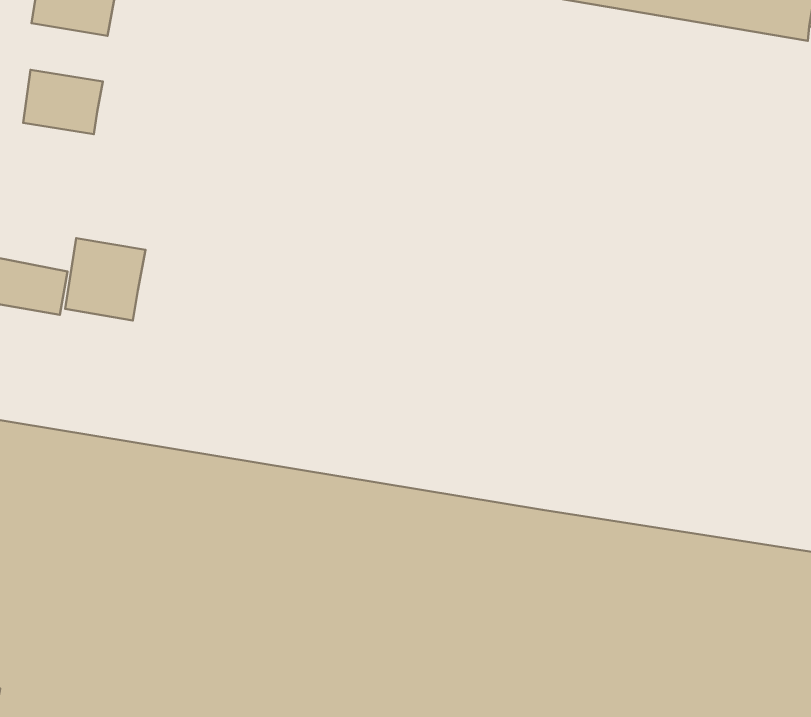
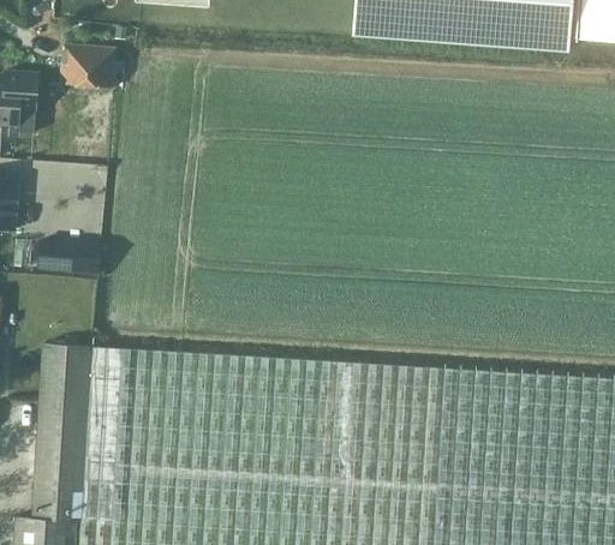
building: [23,70,103,134] -> none
building: [65,238,145,320] -> none

